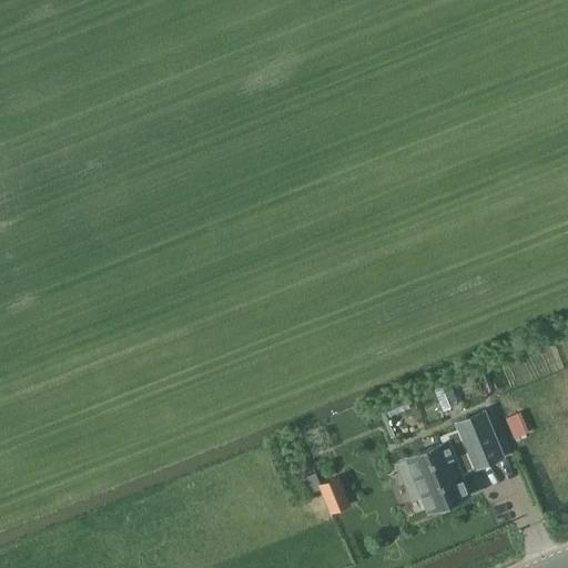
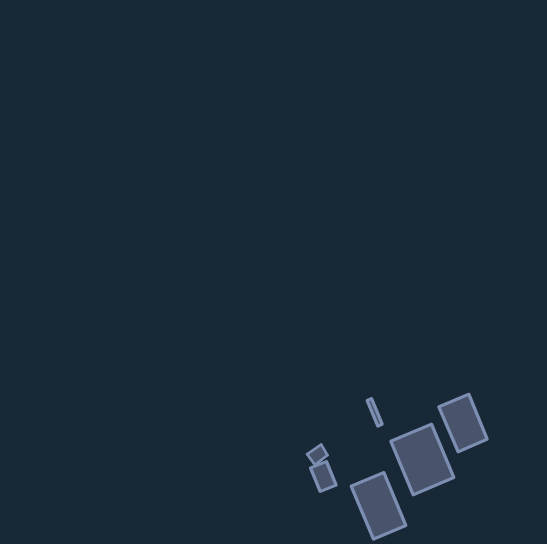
building: none -> [351,473,406,539]

